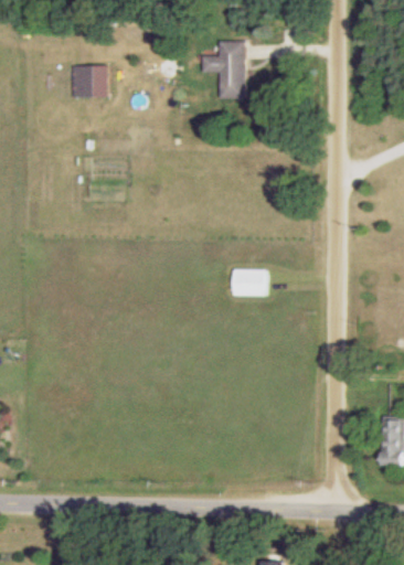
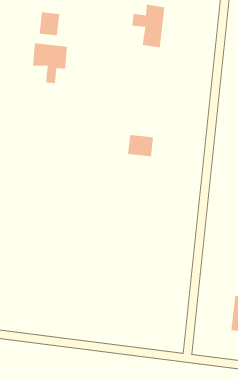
building: none -> [33,43,67,84]
building: [230,268,263,295] -> [127,135,154,157]

